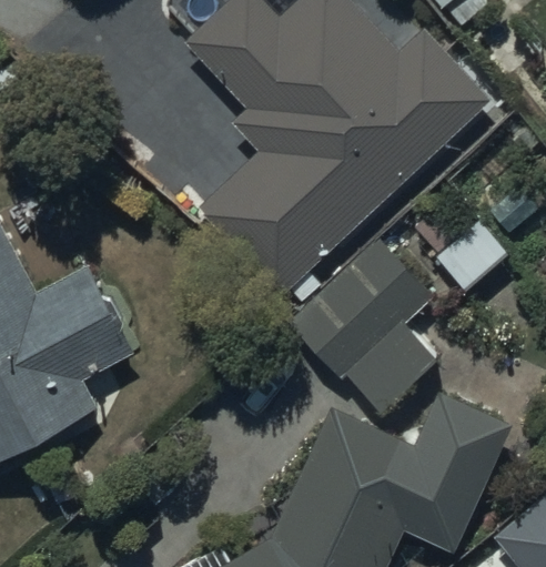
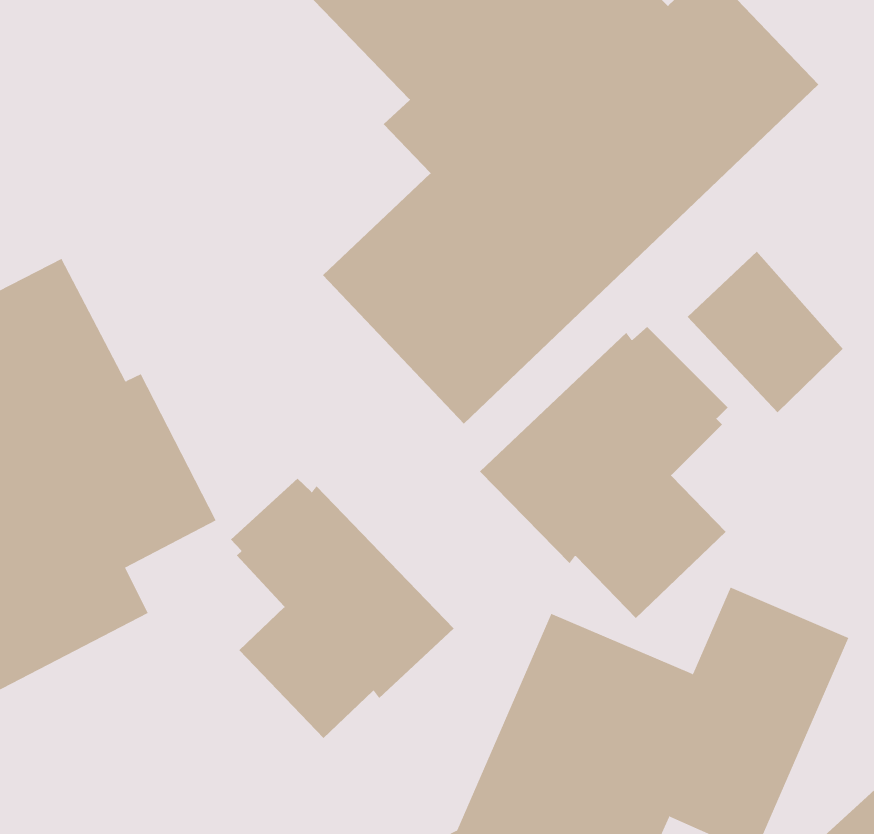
building: none -> [230,478,454,739]

